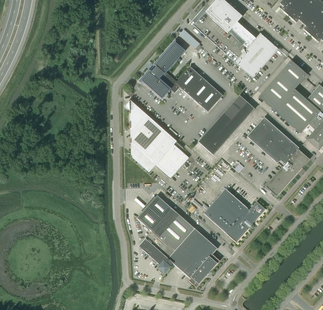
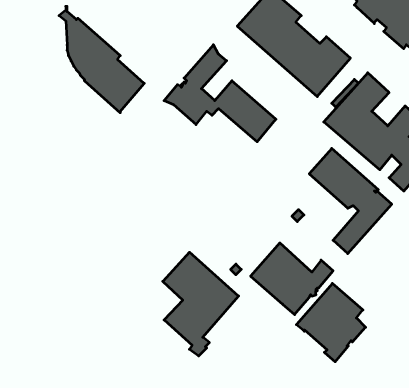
building: [198,94,254,154] -> none
building: [124,98,188,178] -> [59,6,144,113]
building: [167,227,219,286] -> [296,283,366,362]

